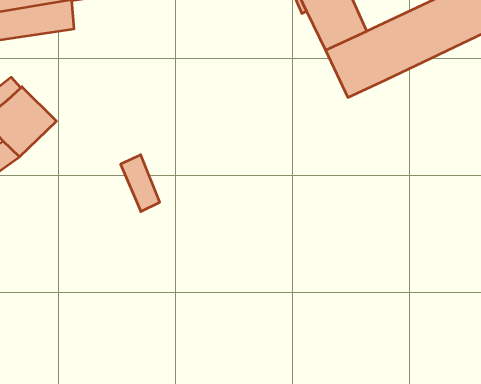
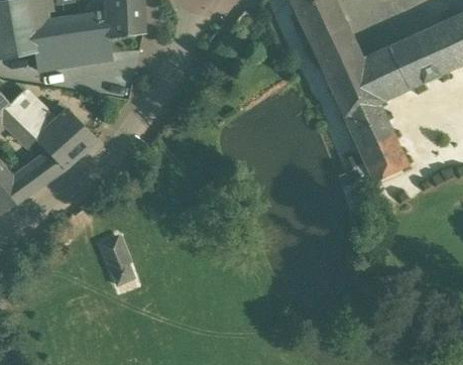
building: none -> [345,103,404,177]
building: [121,155,160,212] -> [101,236,134,284]

